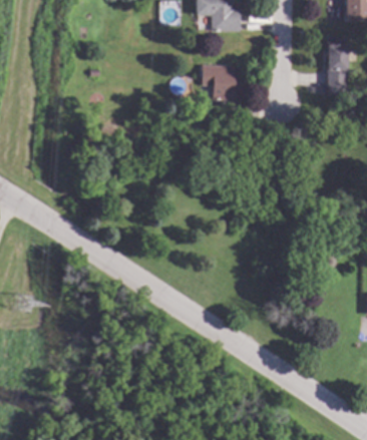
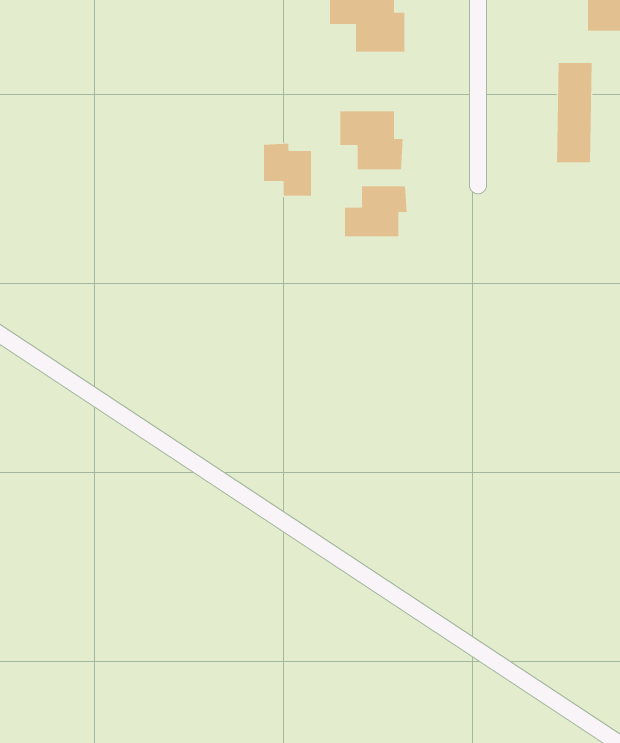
building: none -> [263,143,312,197]
building: none -> [345,185,407,237]

